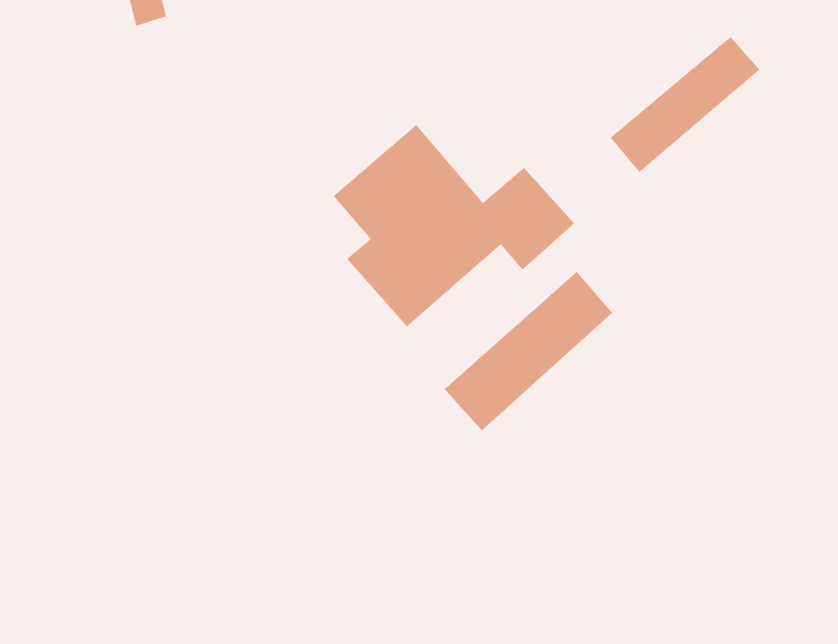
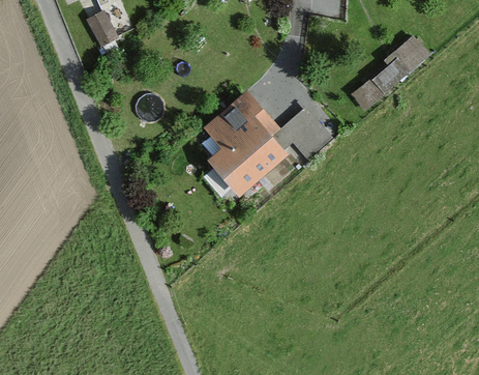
building: [444,271,613,431] -> none

